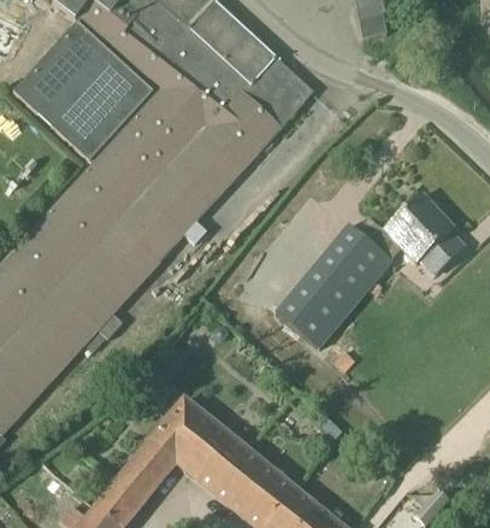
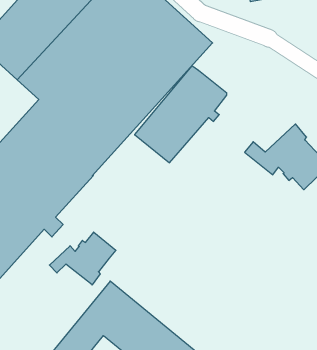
building: [273,223,391,347] -> [135,66,227,163]
building: none -> [49,232,116,285]

